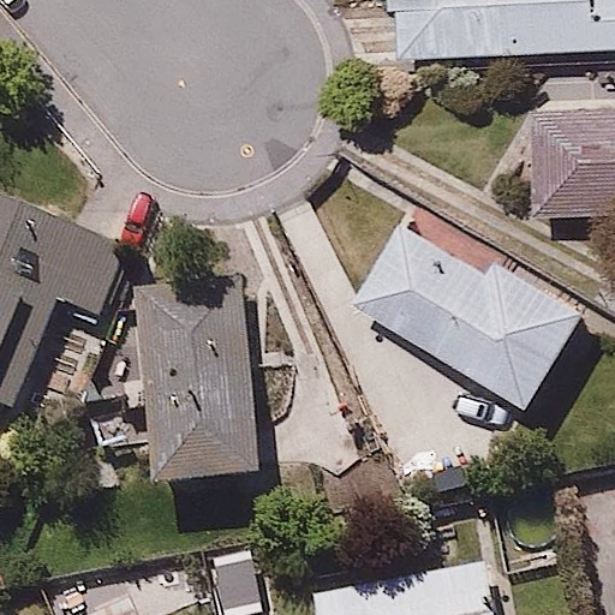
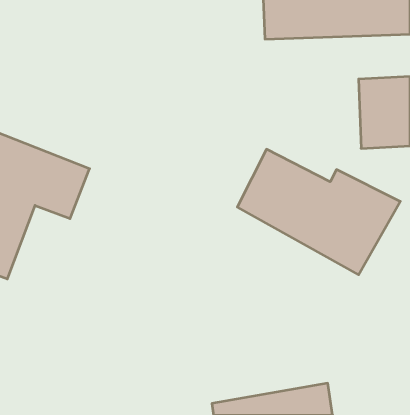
building: [130,283,261,495] -> none

